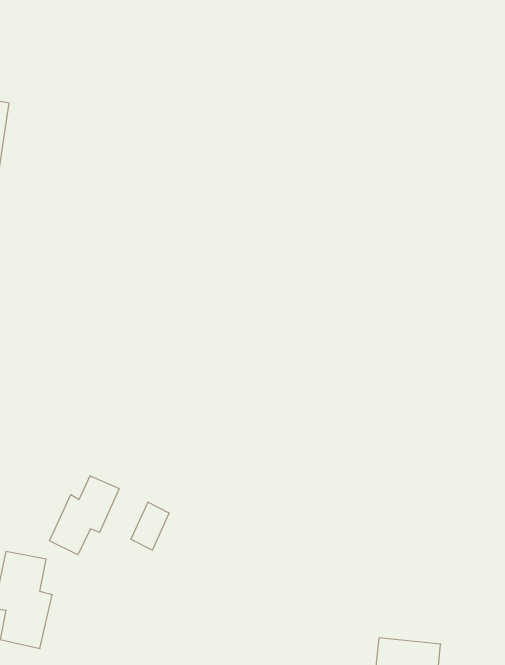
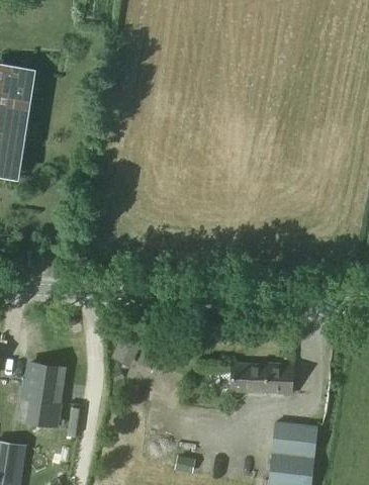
building: [50,476,119,555] -> none
building: none -> [232,365,292,395]

